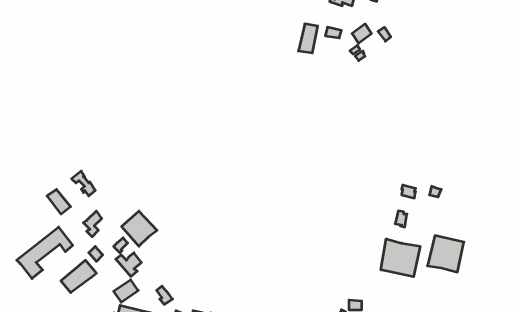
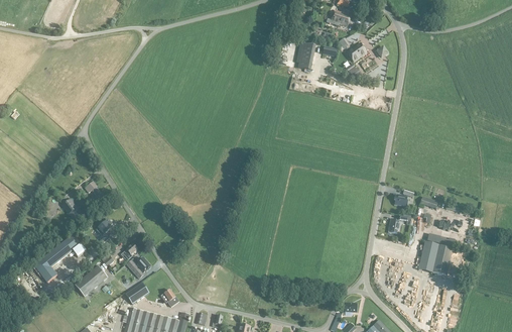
building: [122,211,157,246] -> none
building: [381,239,420,277] -> none

